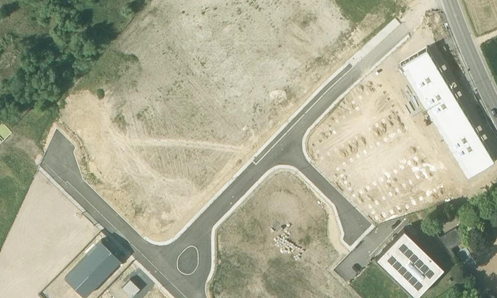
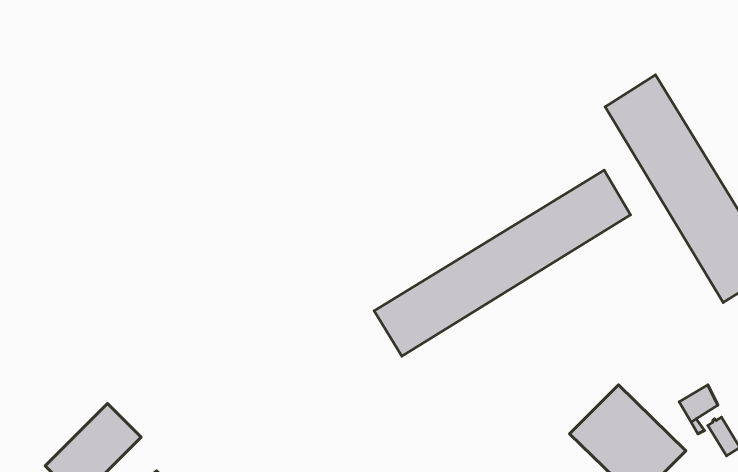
building: none -> [374,170,630,356]

